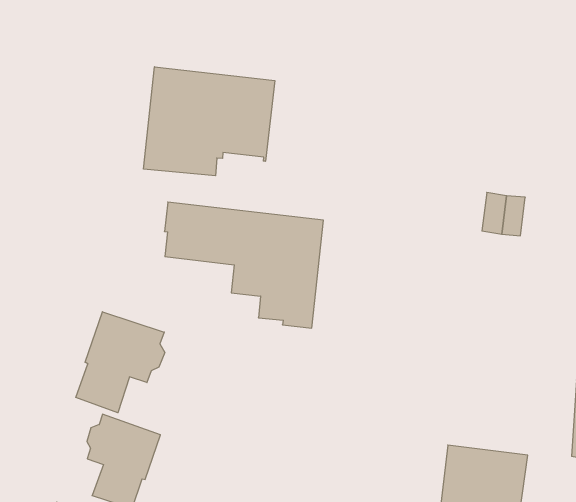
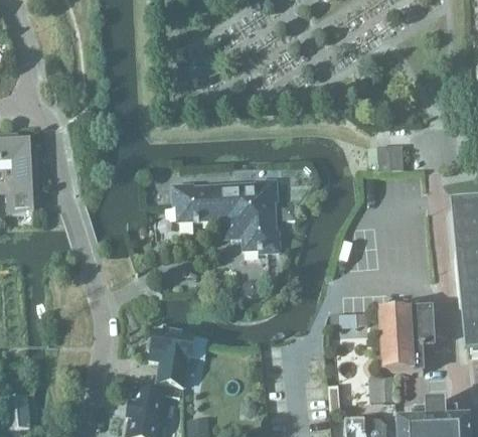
building: [144,67,275,176] -> none
building: [76,312,165,413] -> none

